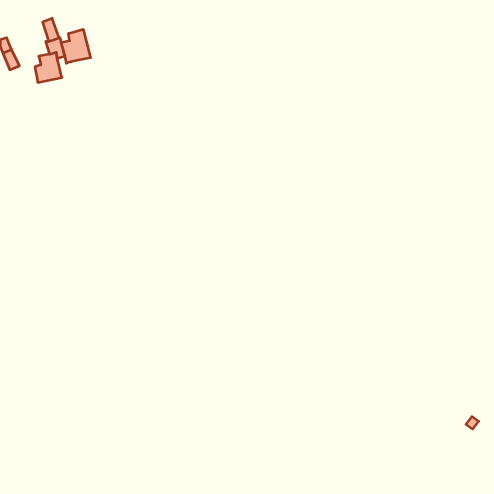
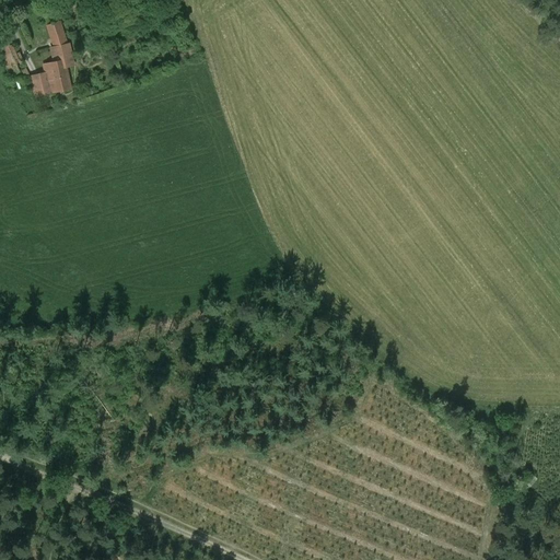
building: [61,29,91,63] -> none

